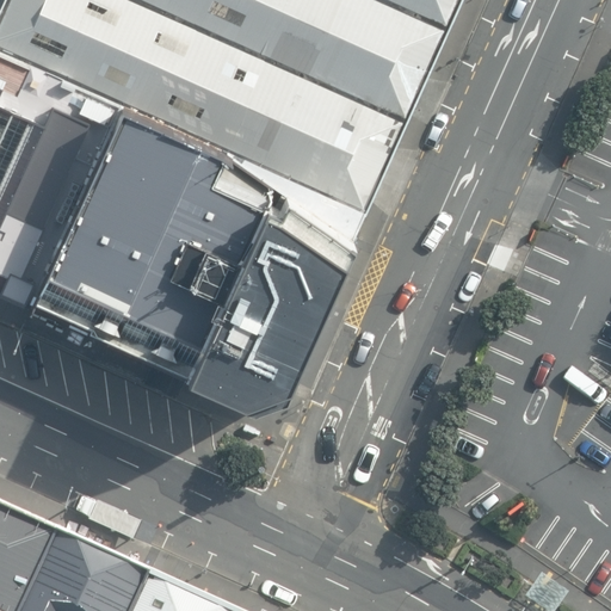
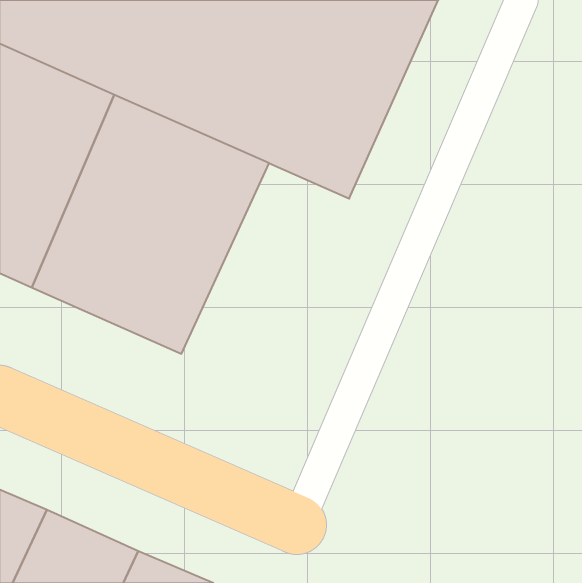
building: [190,171,365,403] -> none

